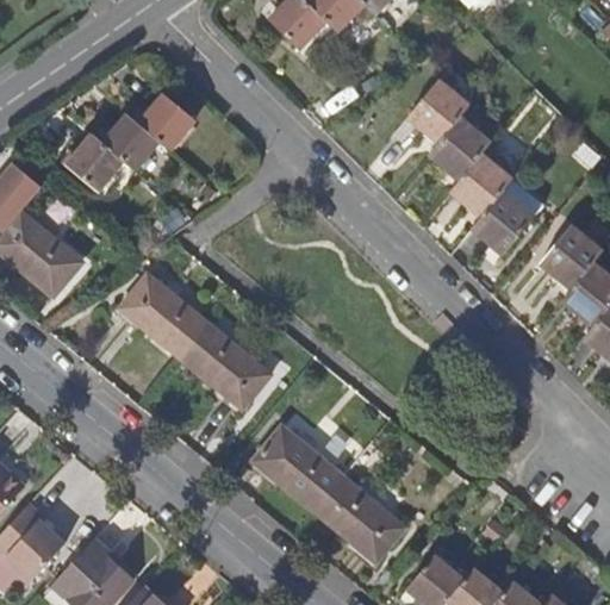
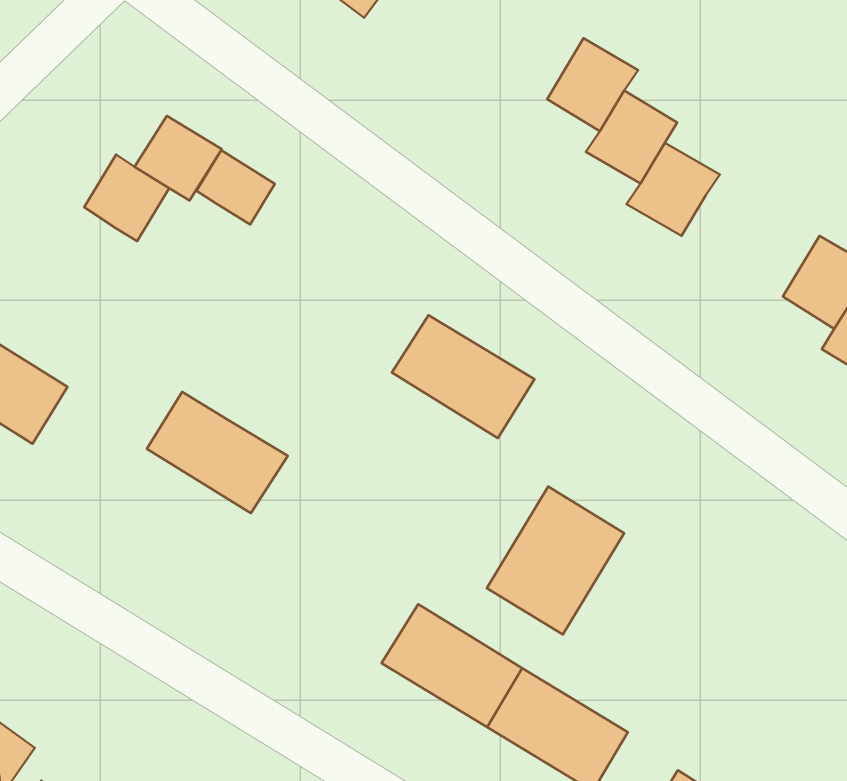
building: none -> [197,150,275,224]
building: [67,136,123,192] -> none
building: [472,192,534,254] -> none
building: [183,322,274,406] -> [392,315,534,438]
building: none -> [487,487,624,635]

